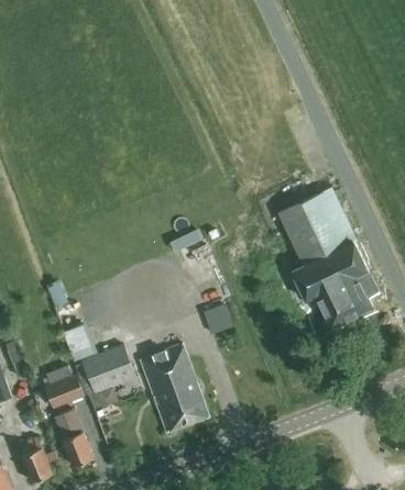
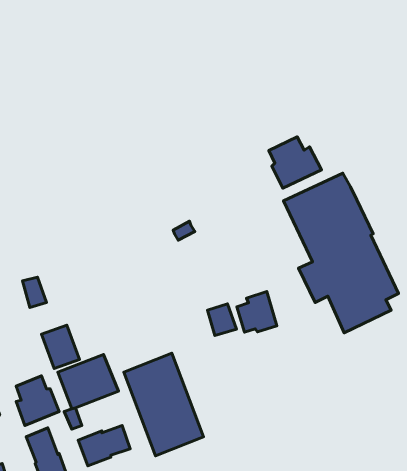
building: none -> [269,137,321,188]
building: none -> [237,291,277,332]
building: none -> [78,425,130,466]

